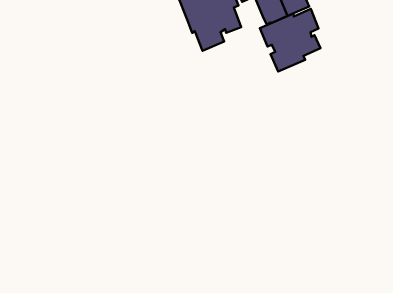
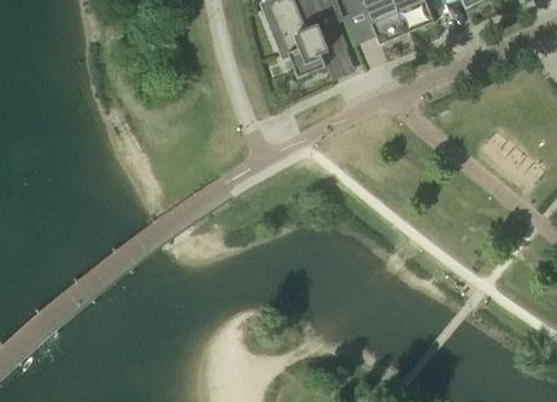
building: [260,9,320,72] -> none

